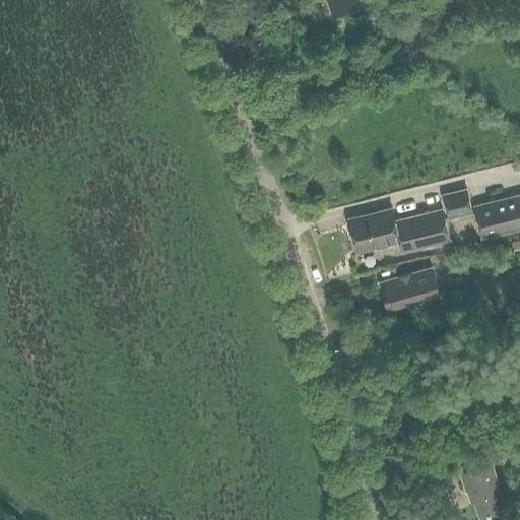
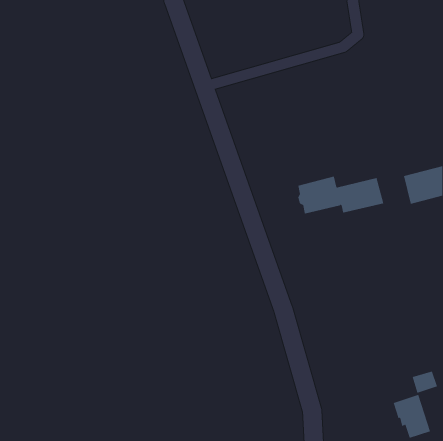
building: [442,190,473,221] -> none
building: [381,269,439,310] -> none

